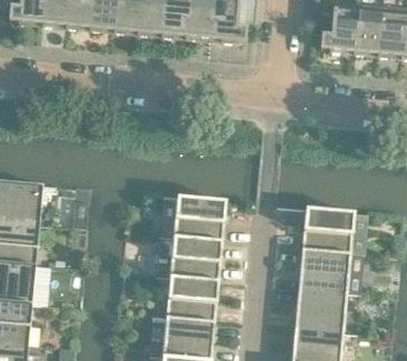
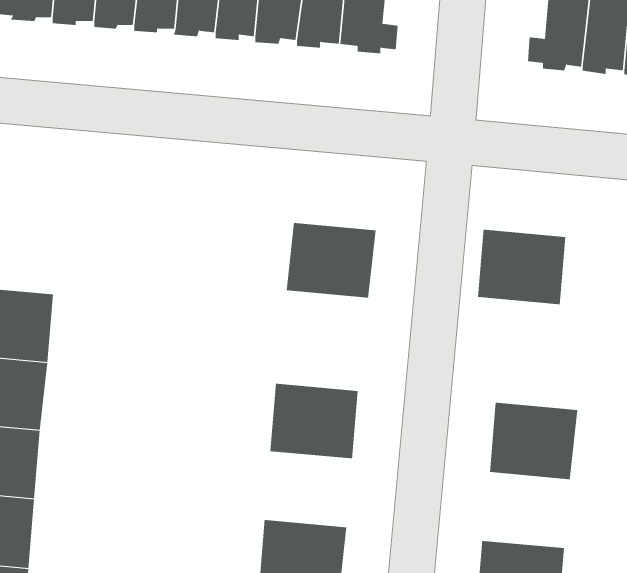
building: [172,195,226,240] -> [286,222,377,298]
building: [301,207,354,251] -> [477,229,566,305]
building: [166,275,218,320] -> none
building: [294,288,346,332] -> none

